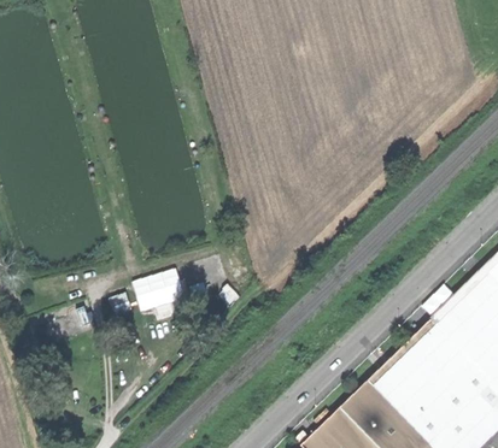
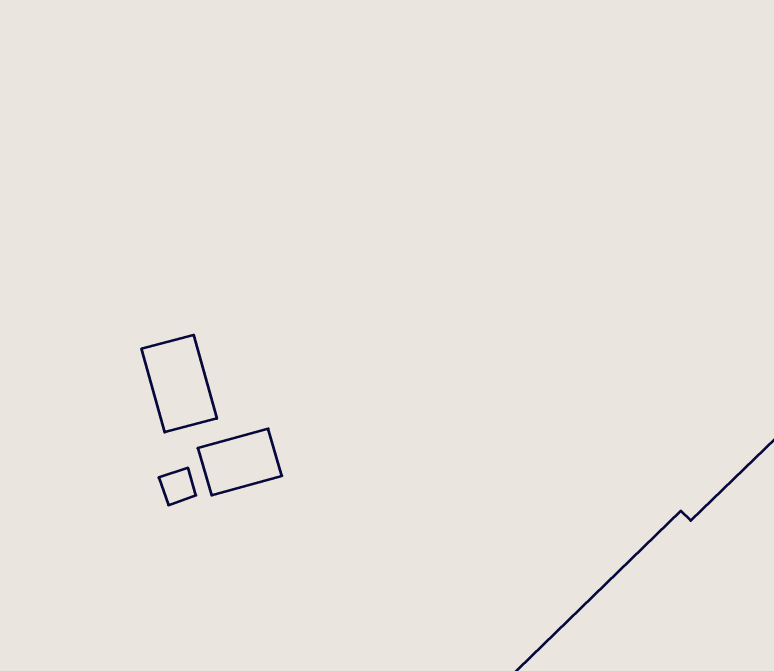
building: none -> [142,335,217,432]

